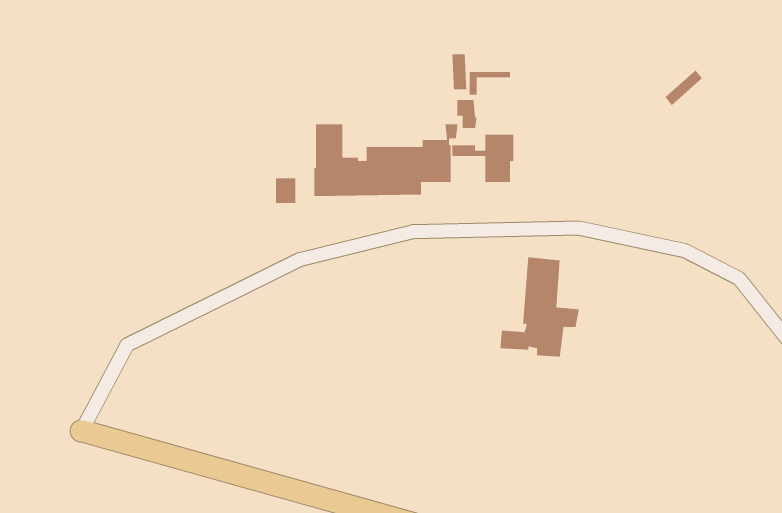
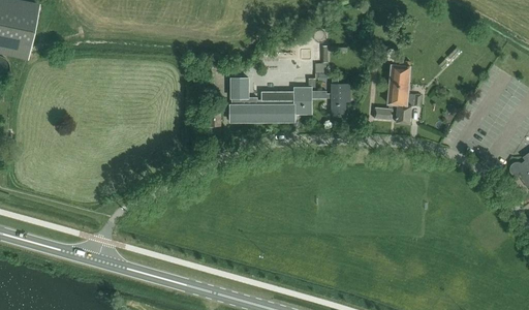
building: [500,256,580,358] -> [374,64,422,124]

